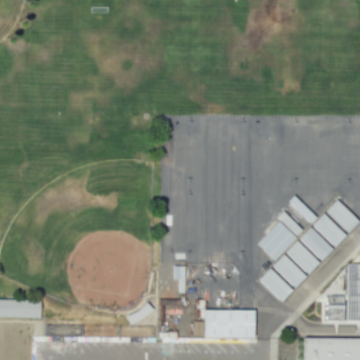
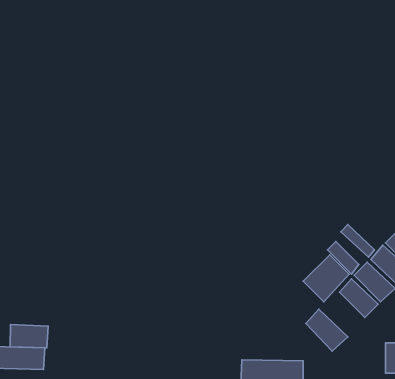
building: [273,254,308,287] -> none
building: none -> [10,324,48,348]

